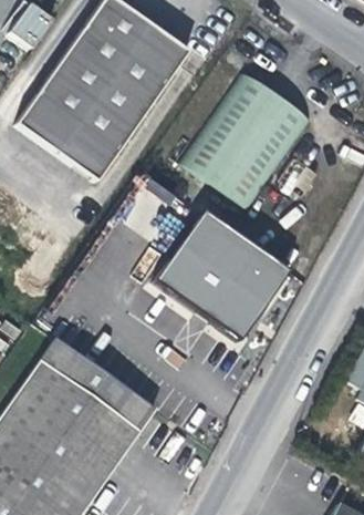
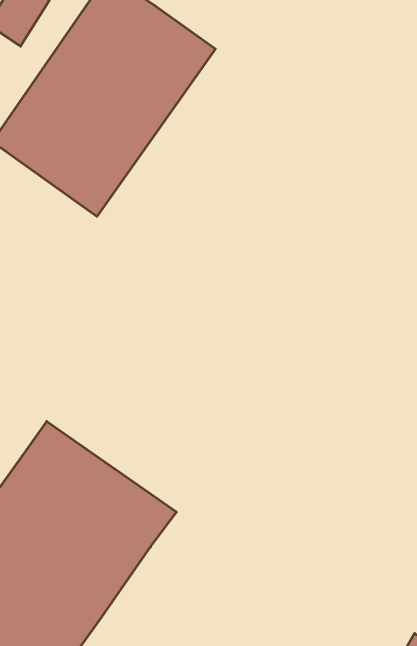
building: [179,71,312,209] -> none
building: [159,207,297,339] -> none

